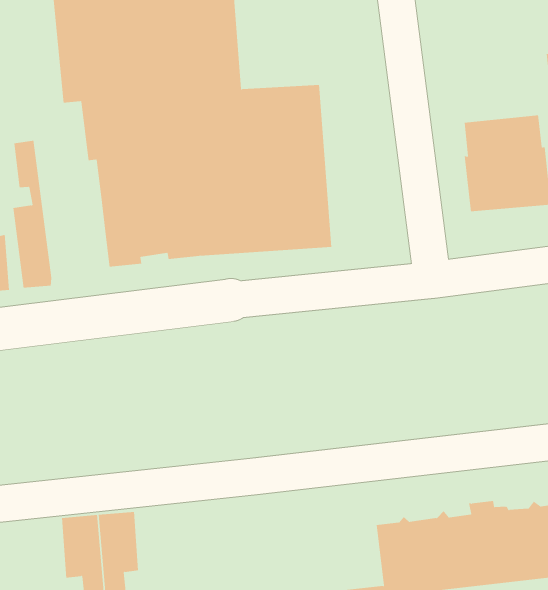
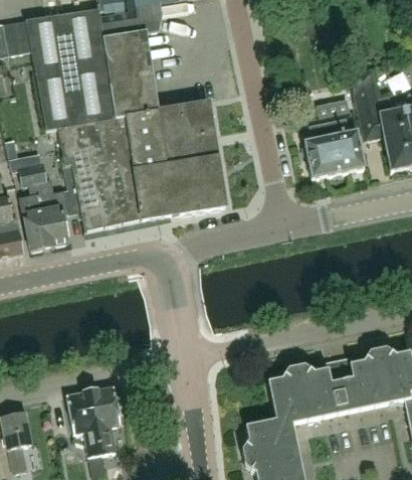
building: none -> [30,154,69,247]

